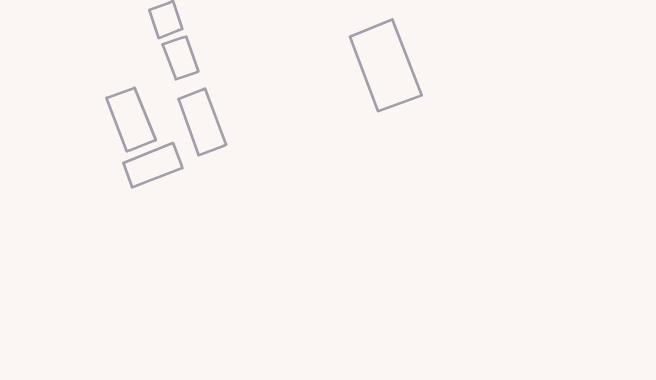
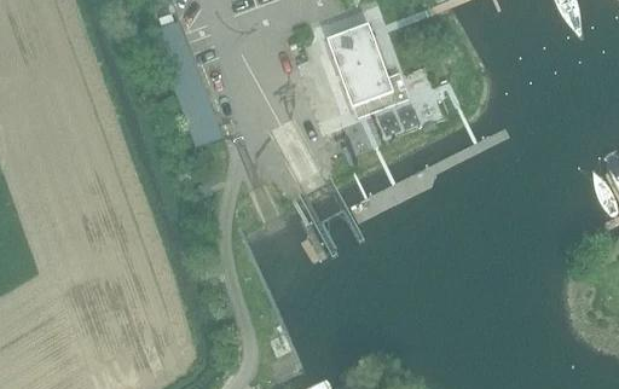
building: [107,88,156,151] -> none
building: [123,143,182,187] -> none

